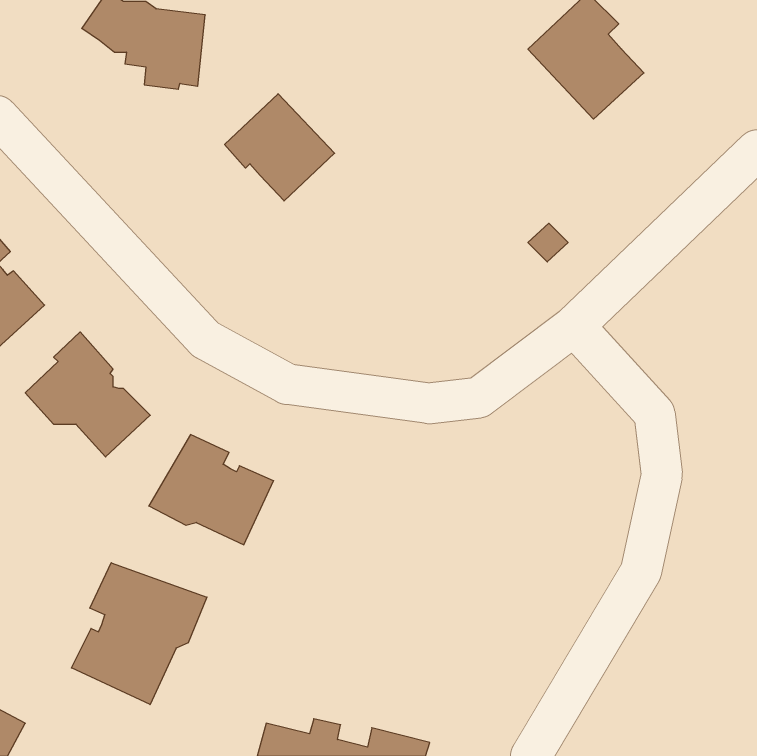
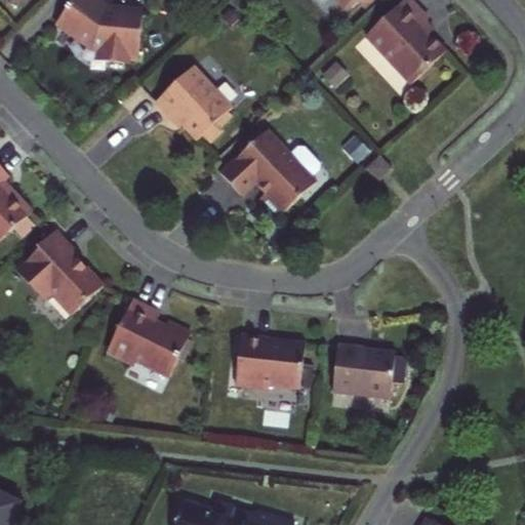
building: none -> [220,129,316,216]
building: none -> [234,333,304,387]
building: none -> [331,342,393,395]
building: [71,563,207,705] -> none

